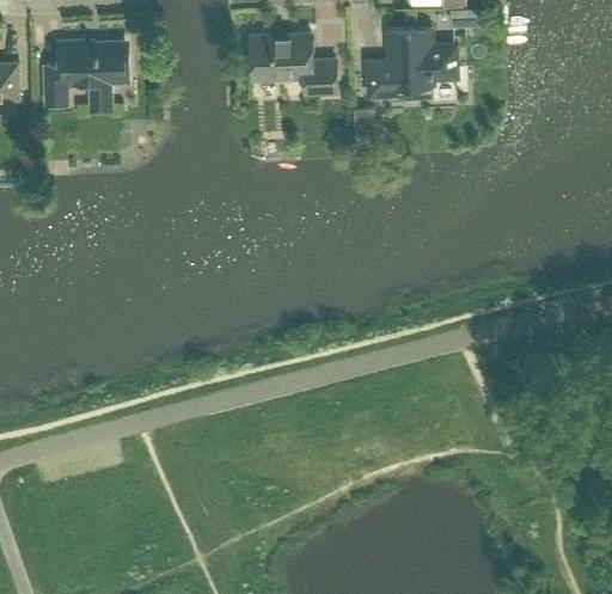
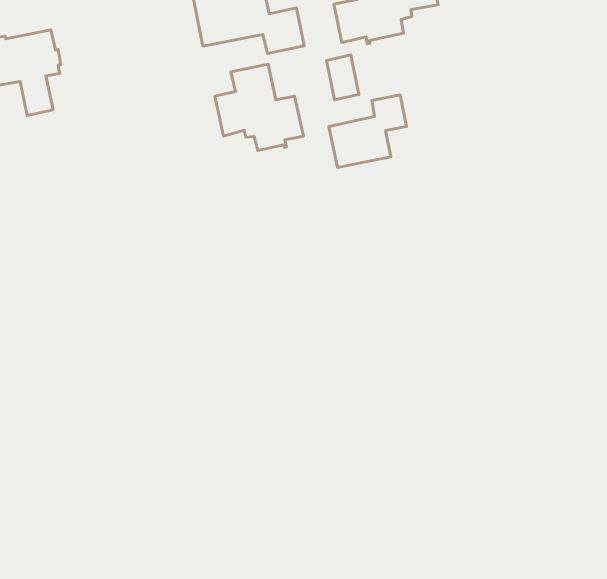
building: none -> [215,64,303,151]
building: none -> [329,95,407,167]

